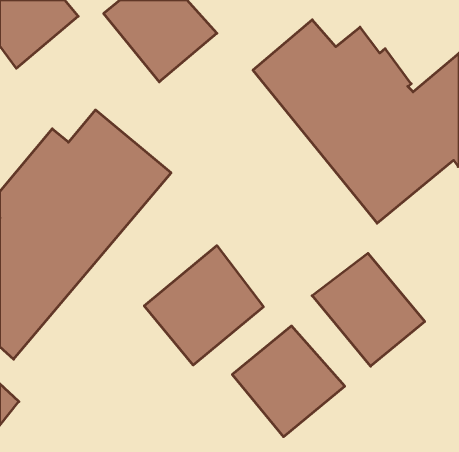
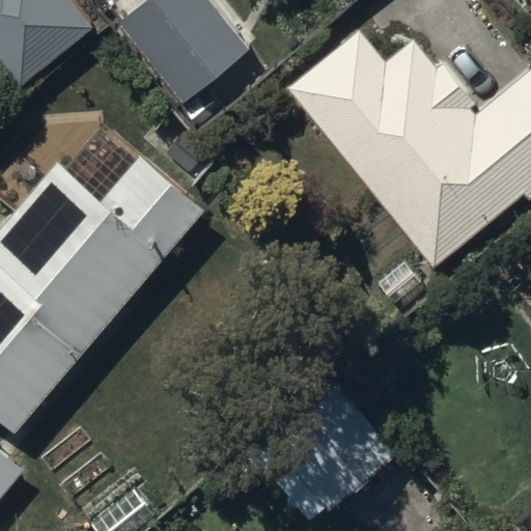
building: [144,246,263,365] -> none
building: [312,253,425,366] -> none

